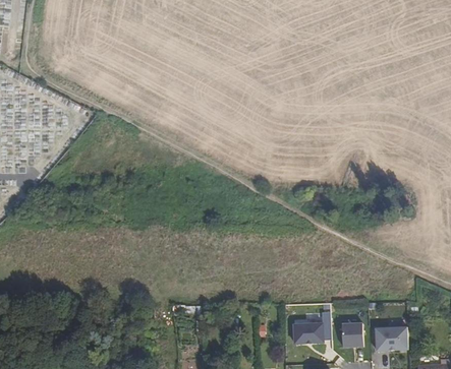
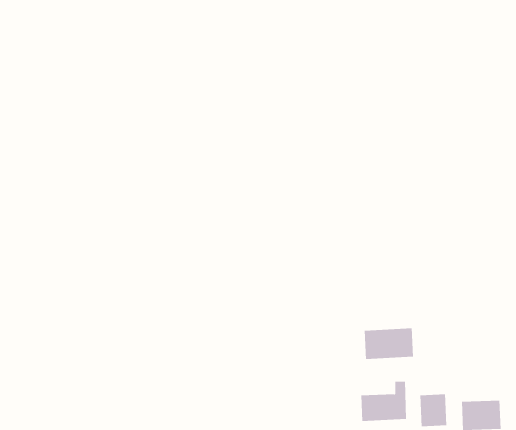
building: none -> [364,327,414,360]

